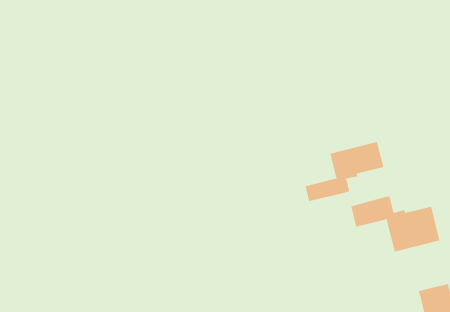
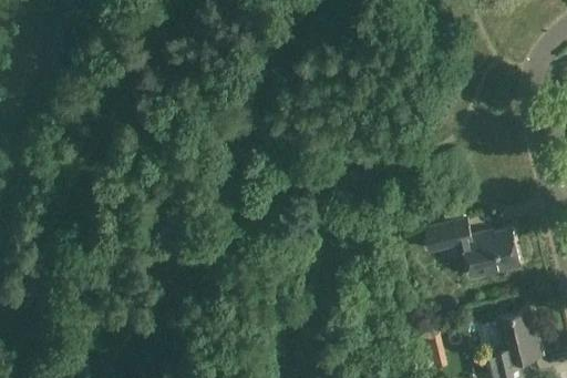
building: [305,141,384,202] -> none

